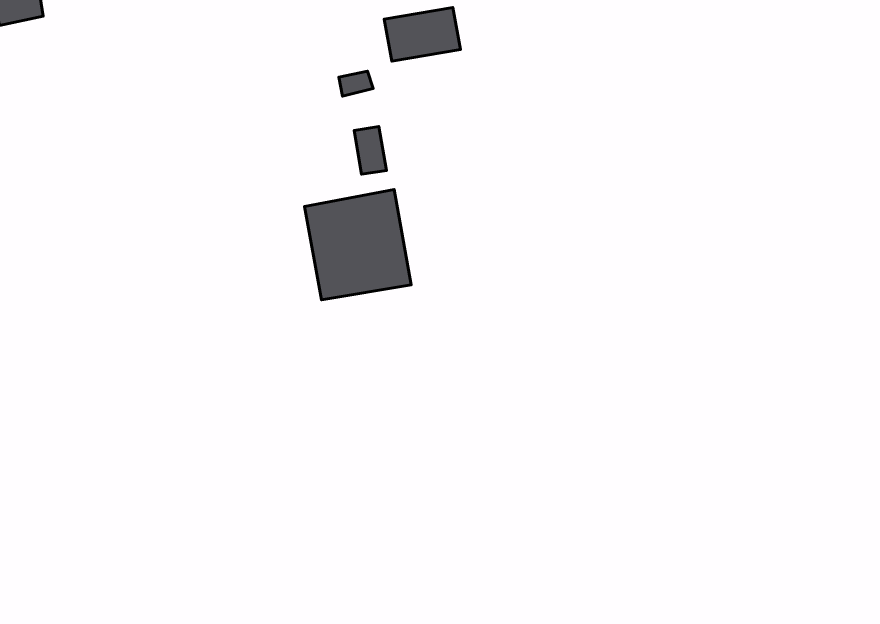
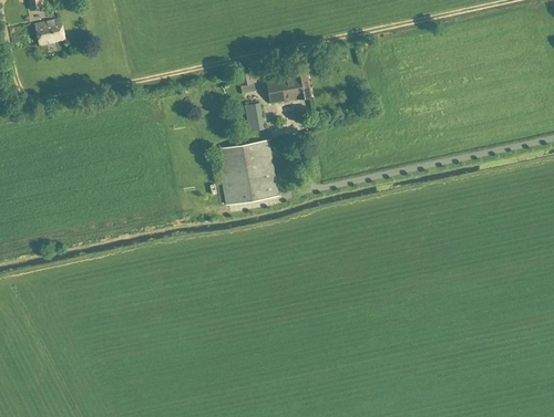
building: [384,8,460,61] -> [265,73,309,104]

